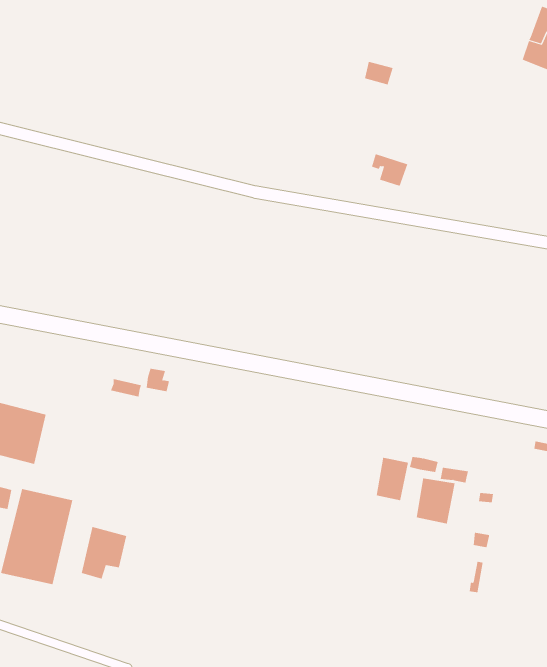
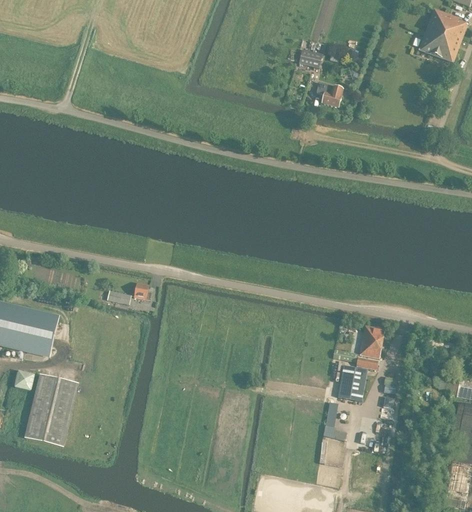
building: [371,153,408,187] -> [314,81,342,106]
building: [376,457,409,501] -> [360,325,385,358]
building: [81,526,127,579] -> none

